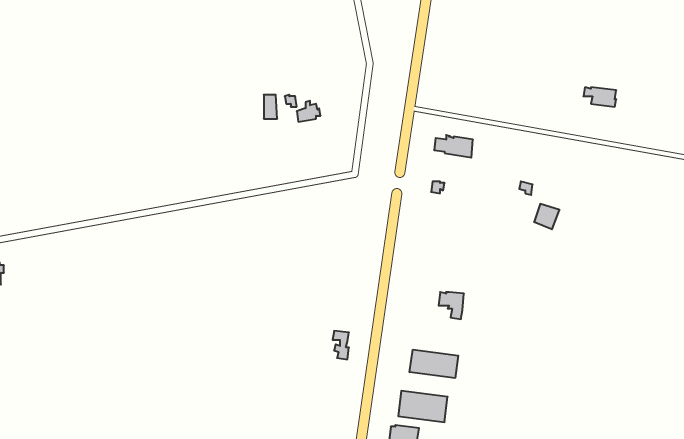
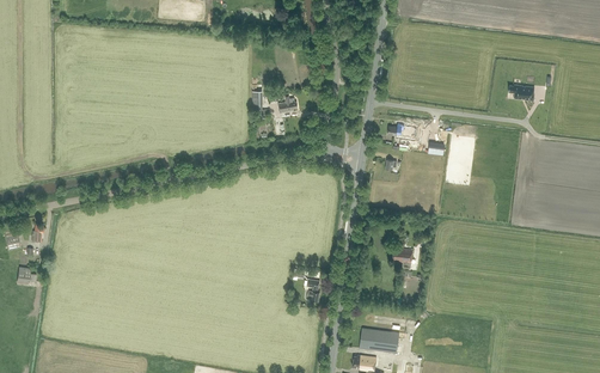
building: [410,350,458,378] -> none

